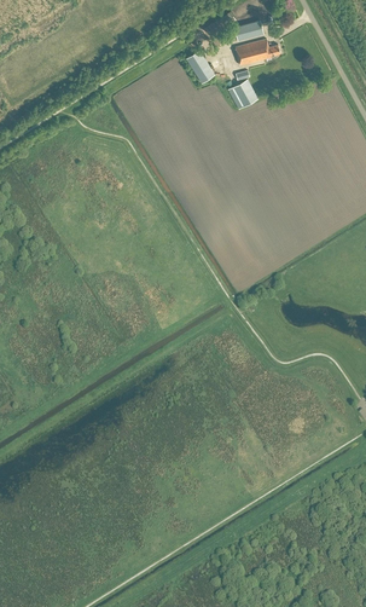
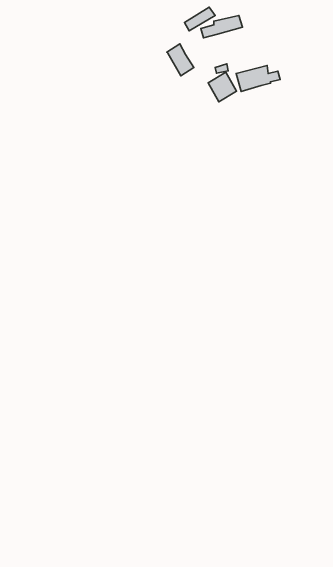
building: [236,37,280,64] -> [236,65,280,91]

